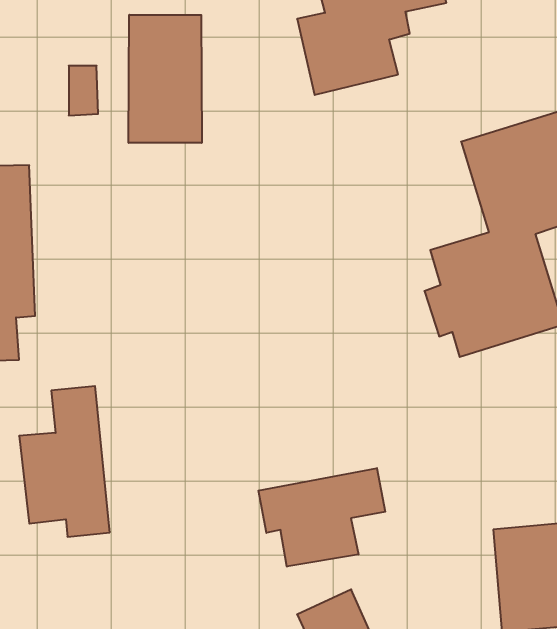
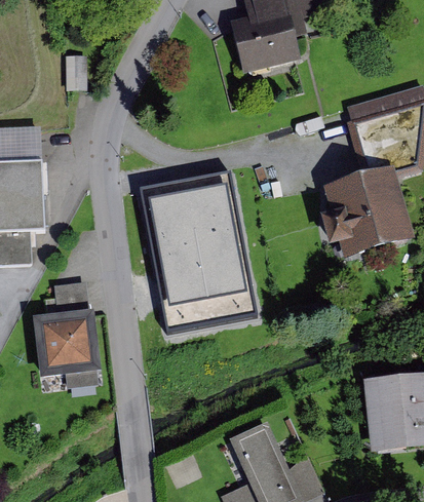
building: [129,15,202,143] -> none
building: none -> [143,169,260,332]
building: [258,468,385,567] -> none

